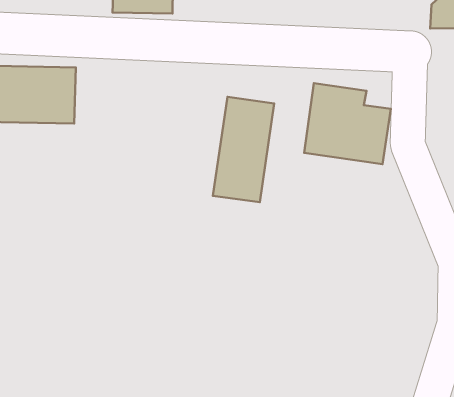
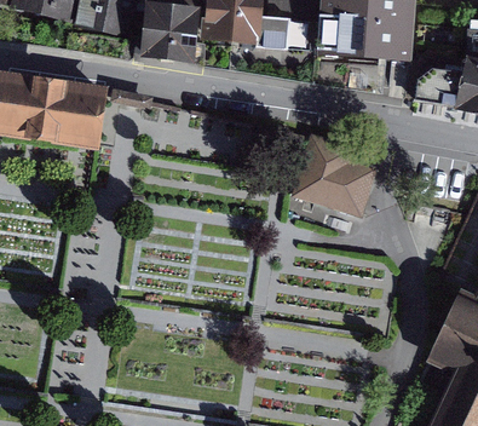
building: [213,97,274,202] -> none

